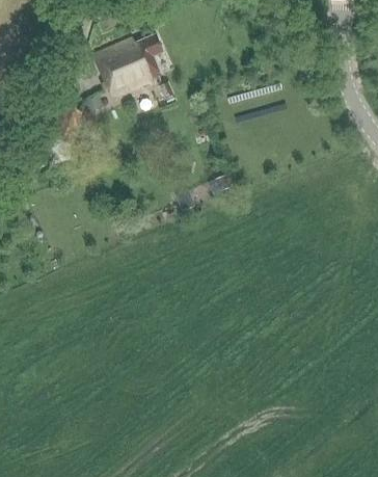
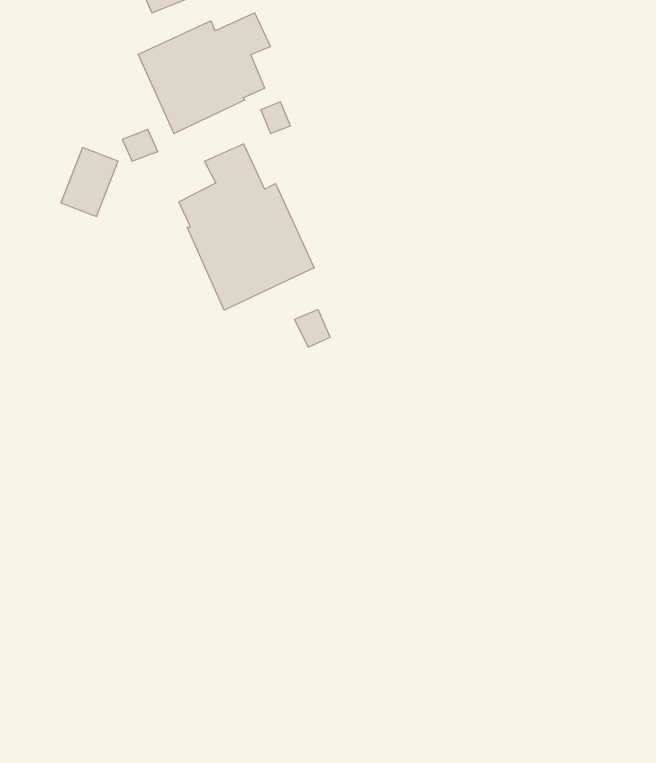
building: none -> [179,144,314,310]

